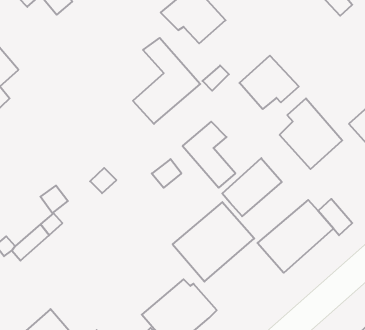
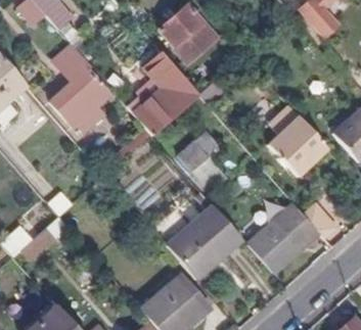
building: none -> [51,42,114,132]
building: [239,56,299,109] -> none
building: [222,158,282,216] -> none

